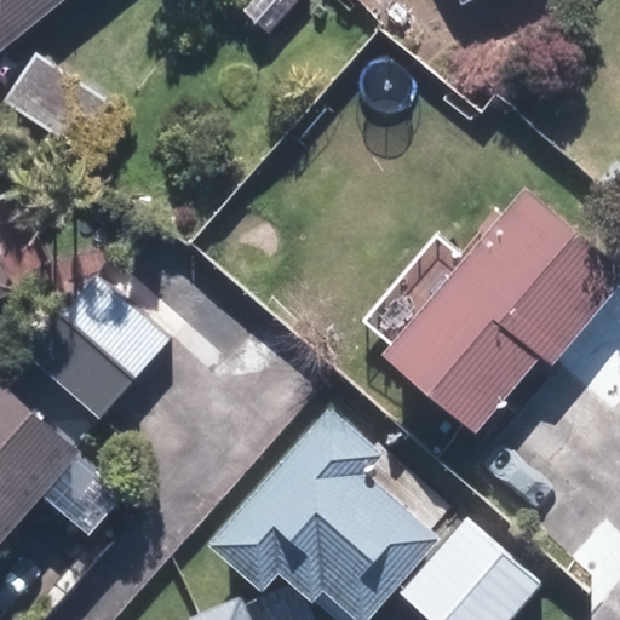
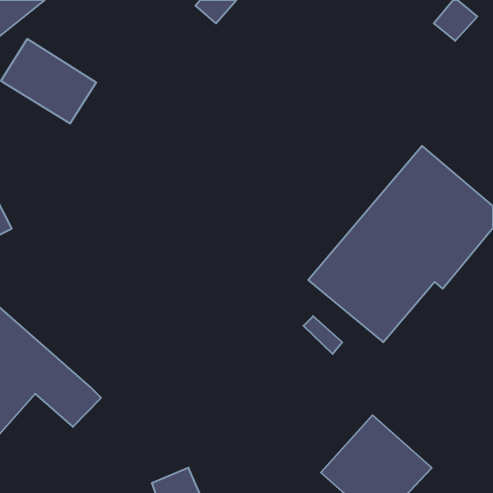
building: [27,275,168,419] -> none
building: [216,407,426,612] -> none

